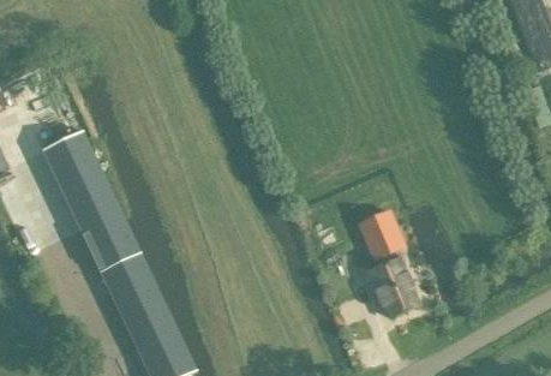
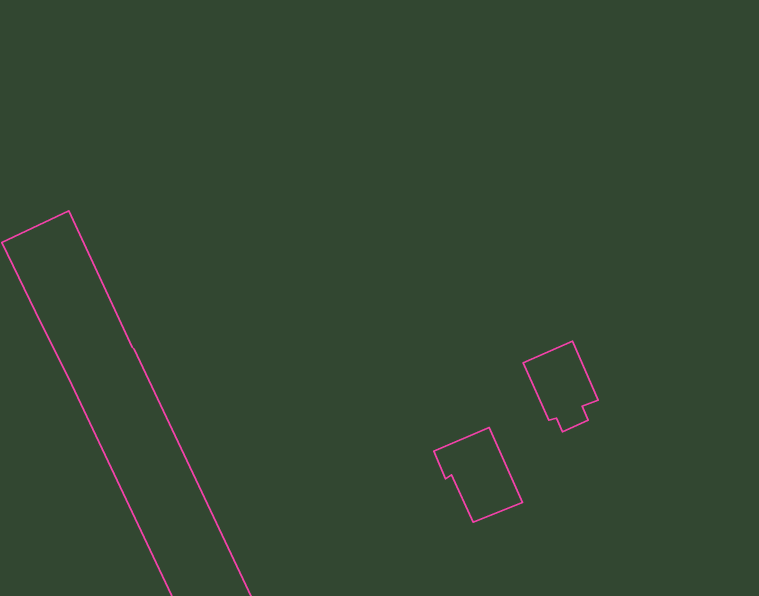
building: [365,257,419,315] -> [434,427,523,522]

